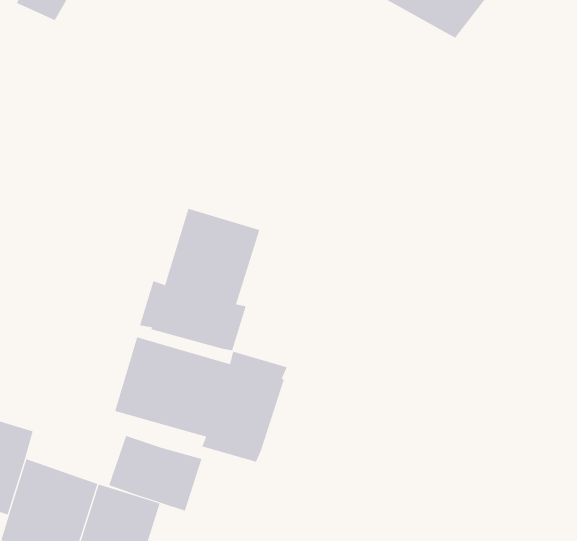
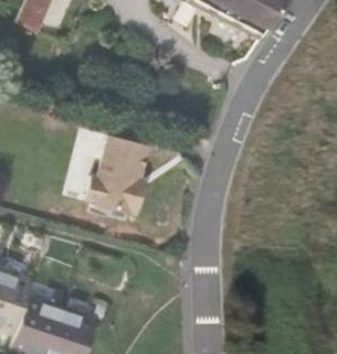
building: [114,337,288,463] -> none
building: [109,435,202,511] -> none

